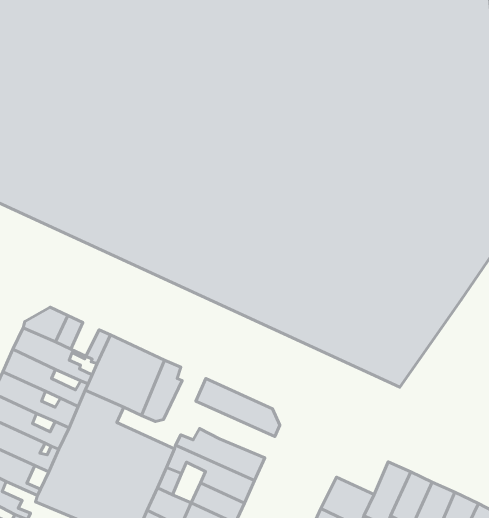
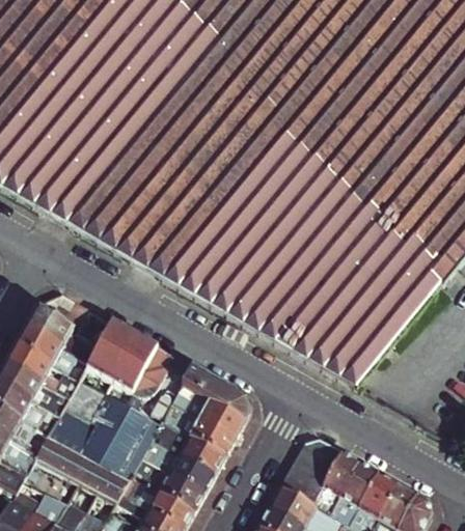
building: none -> [170,384,246,438]
building: none -> [296,438,341,477]

